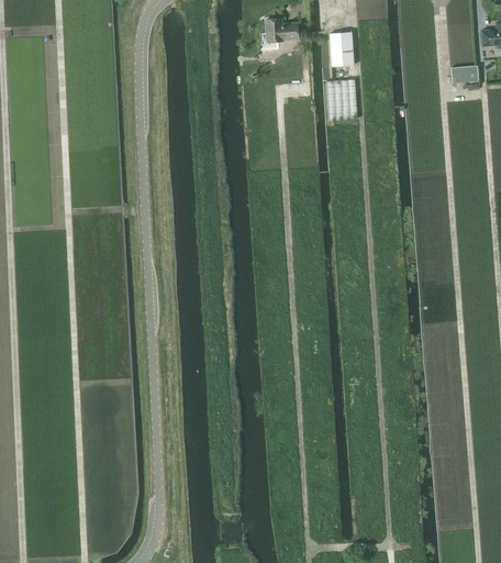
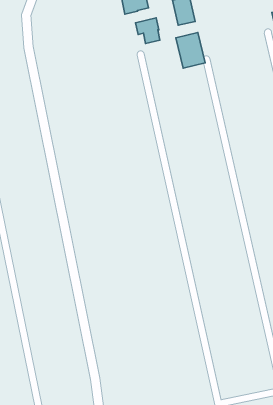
building: none -> [136,18,160,43]

